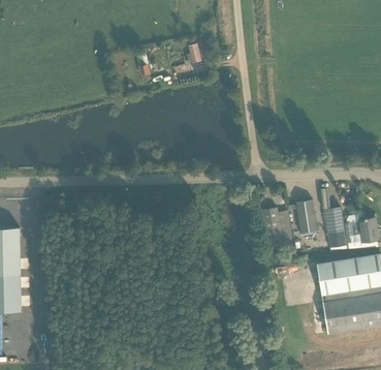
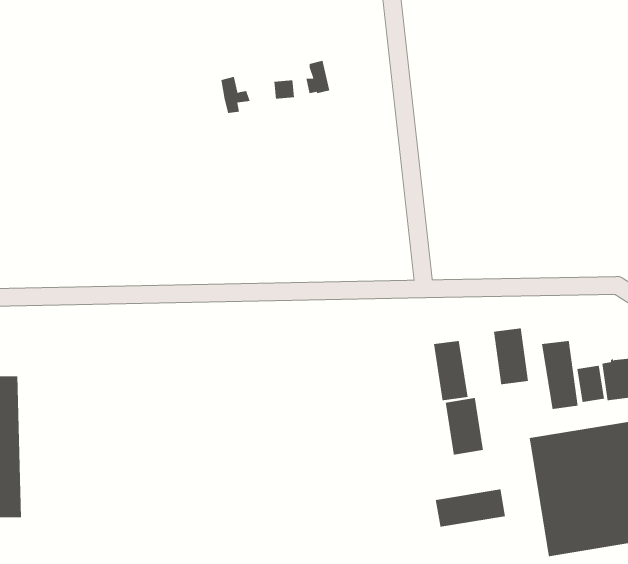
building: none -> [445,397,483,456]
building: none -> [435,489,506,527]

